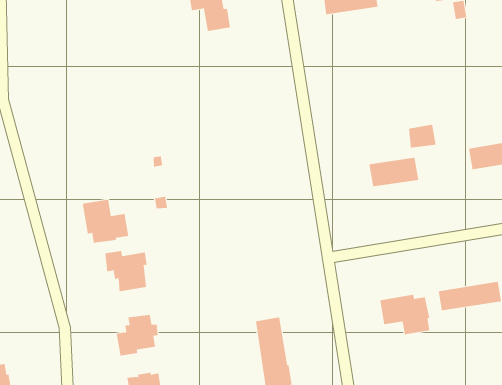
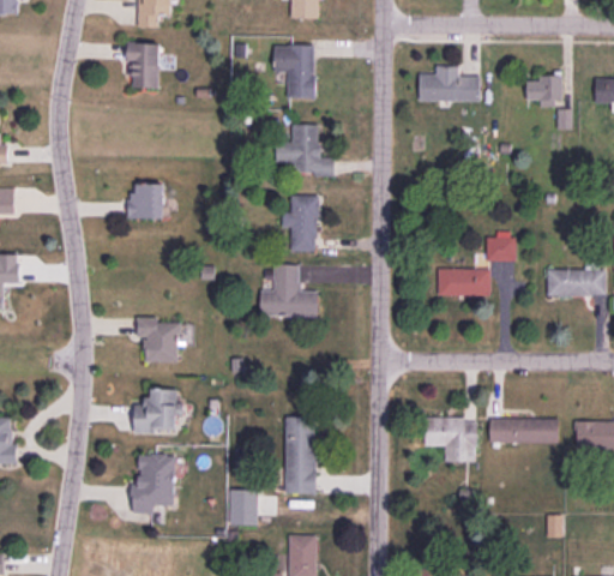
building: none -> [125,43,159,86]
building: none -> [277,125,333,176]
building: none -> [282,196,317,250]
building: none -> [127,184,163,218]
building: none -> [260,265,317,316]
building: [82,199,129,243] -> none

